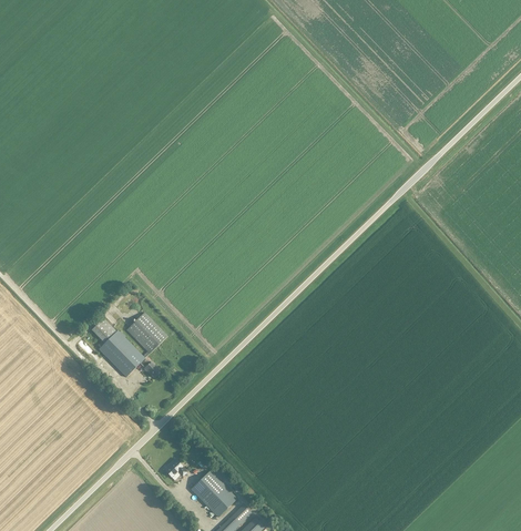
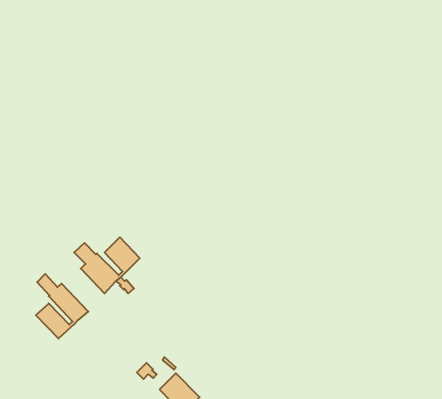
building: none -> [36,274,88,339]

